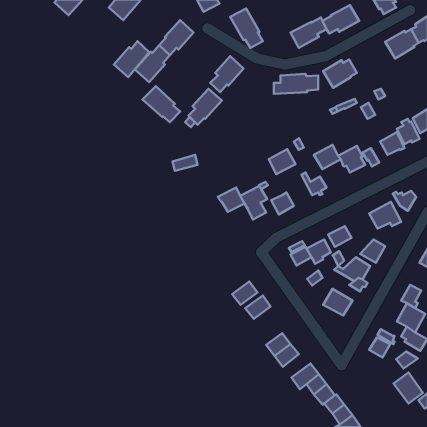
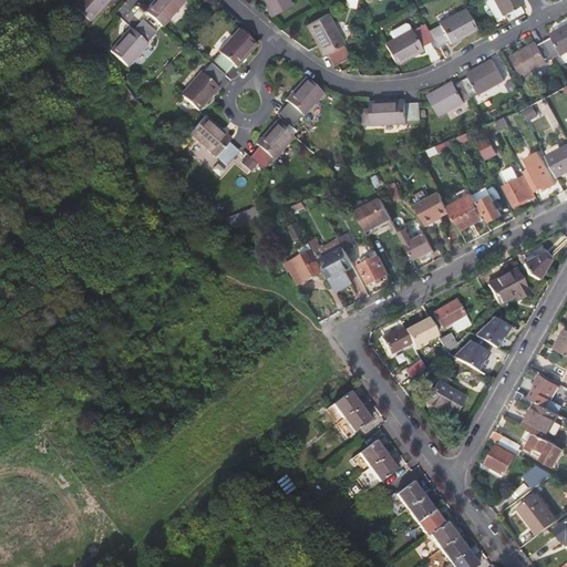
building: [114,41,149,77] -> [111,18,157,65]
building: none -> [463,58,505,96]
building: [232,281,257,305] -> [337,405,370,436]

